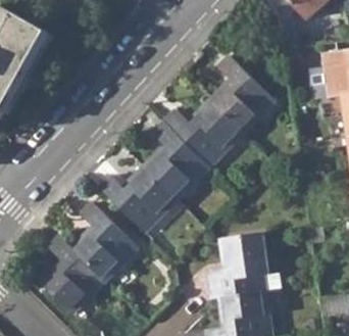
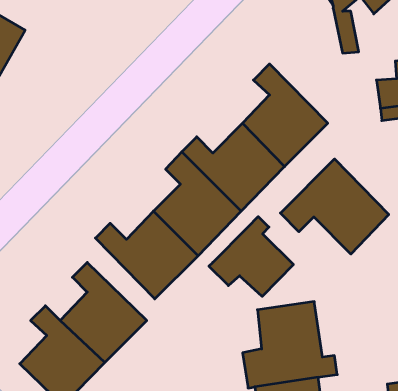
building: none -> [280,159,389,254]
building: none -> [209,217,293,296]

